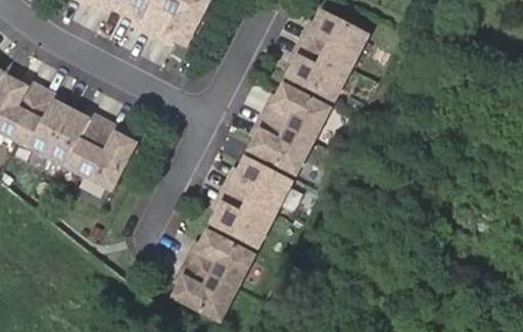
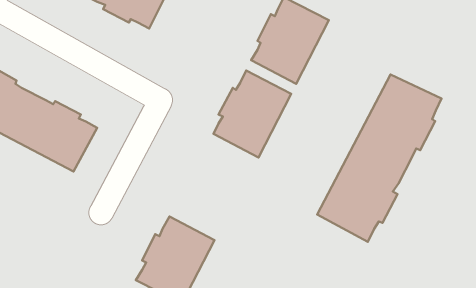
building: none -> [317,74,441,242]
building: [212,157,290,245] -> none

